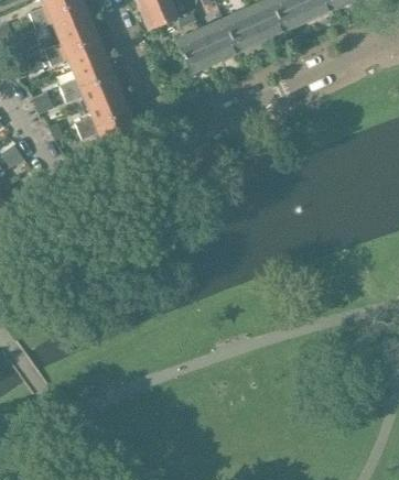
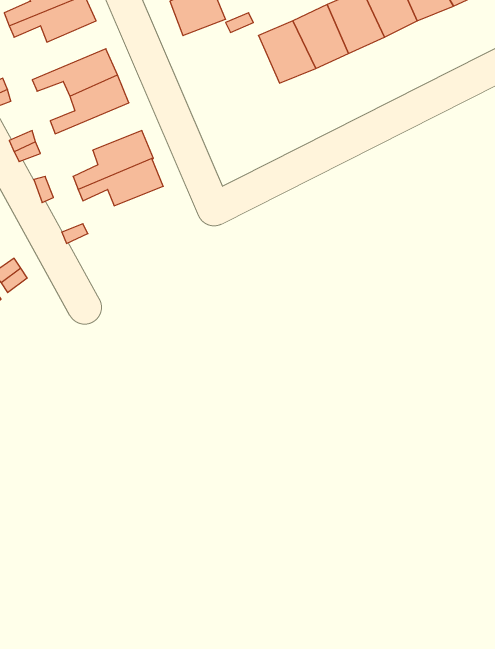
building: [44,19,97,58] -> none
building: [175,29,214,72] -> none
building: [63,73,121,106] -> none

